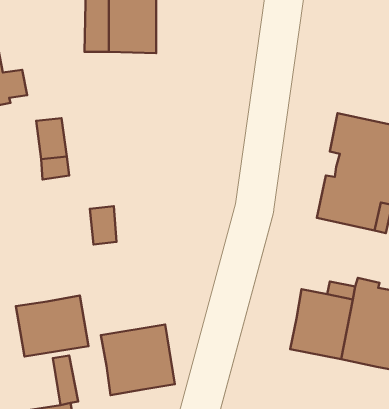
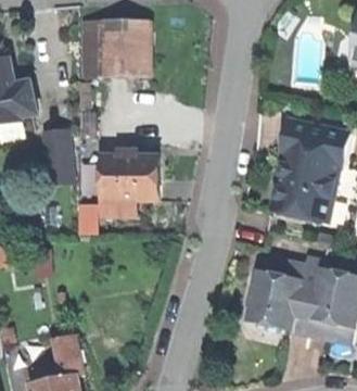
building: none -> [102,154,155,197]
building: [16,296,89,357] -> none
building: [101,324,175,395] -> none

